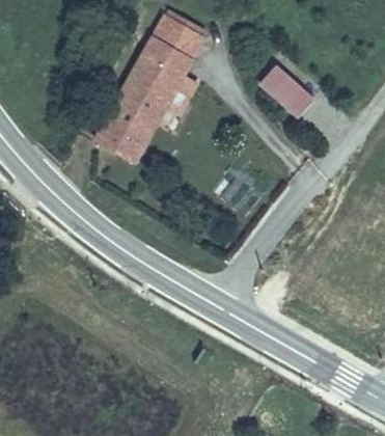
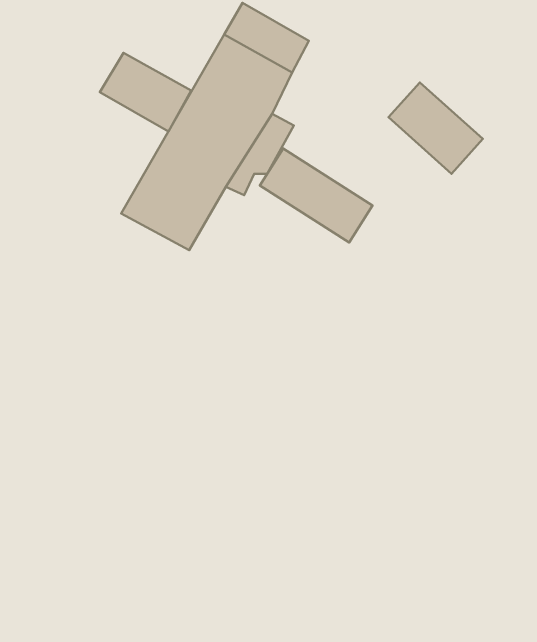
building: none -> [100,53,191,131]
building: none -> [260,148,373,243]

